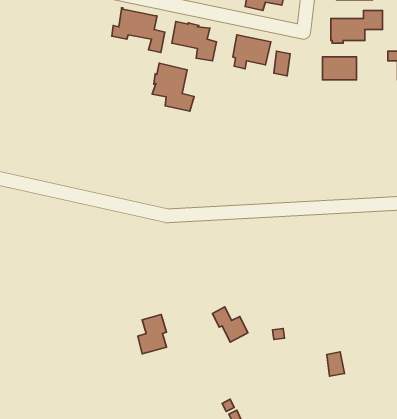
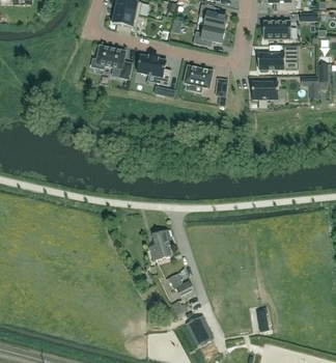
building: [152,63,194,111] -> none
building: [138,314,166,354] -> [149,230,171,260]
building: none -> [186,316,212,346]

